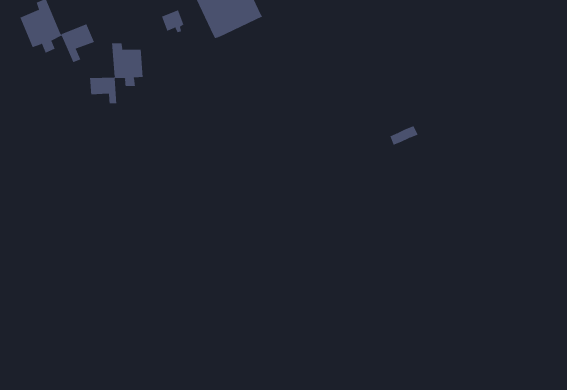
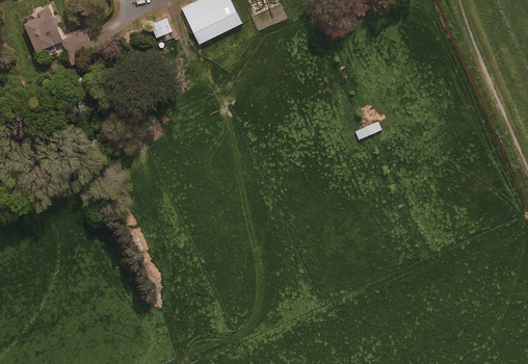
building: [90,43,143,104] -> none

